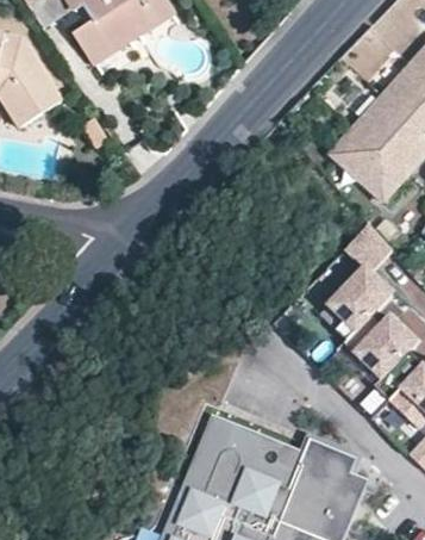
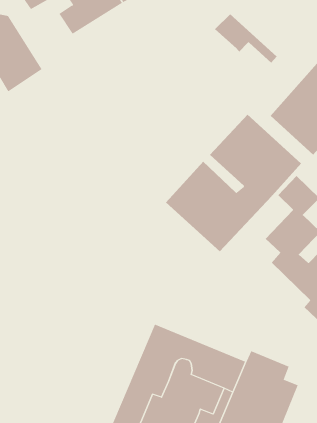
building: none -> [214,14,277,64]
building: none -> [165,114,302,252]

